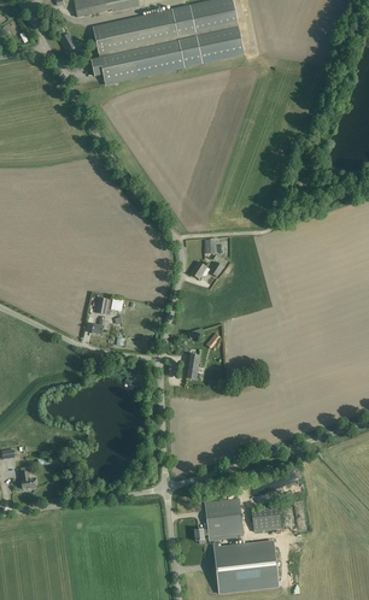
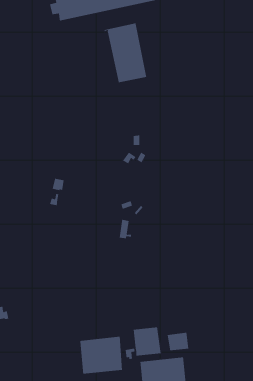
building: none -> [104,23,147,83]
building: none -> [75,336,123,374]

